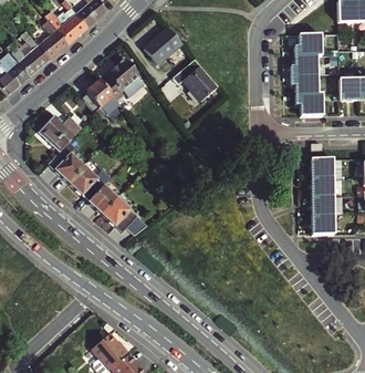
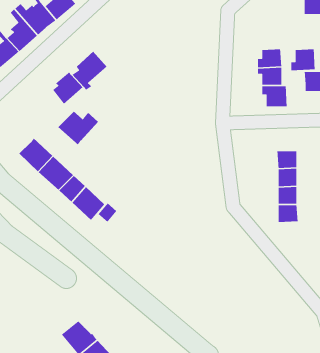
building: [145,25,181,62] -> none
building: [296,32,322,55] -> [290,49,315,71]
building: [175,59,218,100] -> none
building: [40,114,82,149] -> [57,111,99,146]

